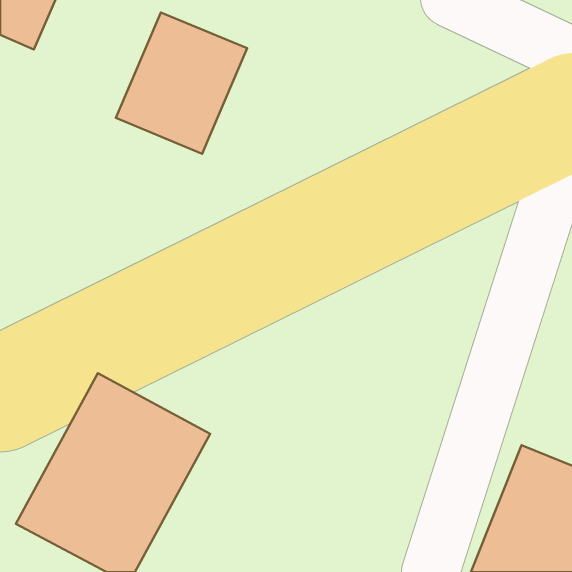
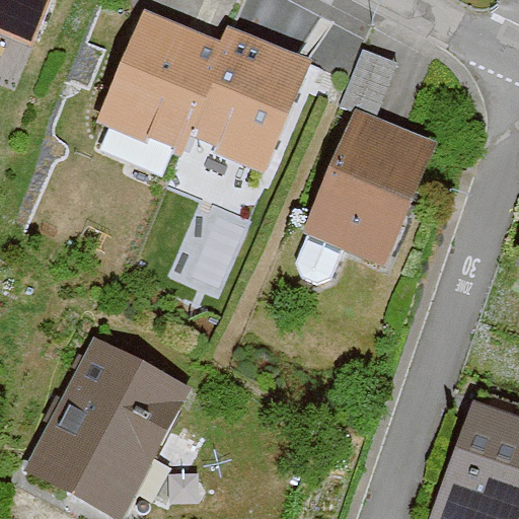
building: none -> [192,29,305,153]
building: none -> [301,113,442,269]

